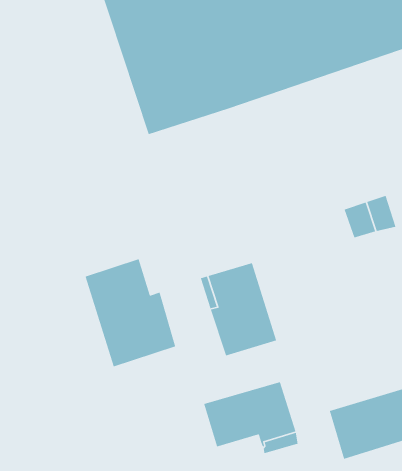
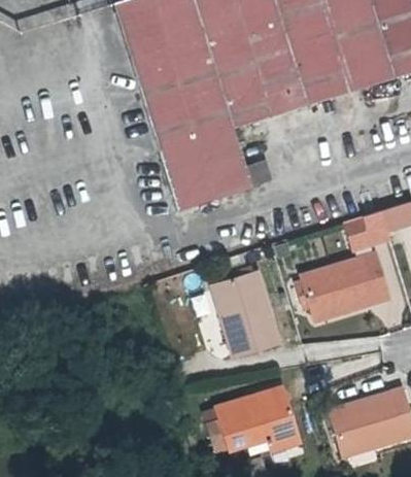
building: none -> [163,131,256,213]
building: none -> [300,252,387,320]
building: [84,258,176,367] -> none

